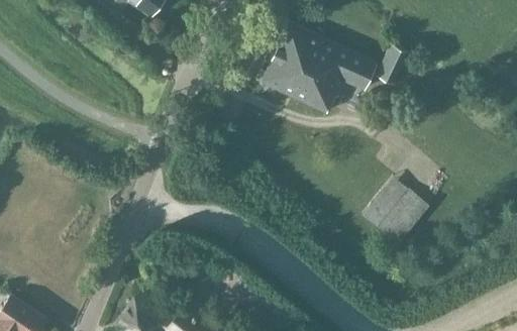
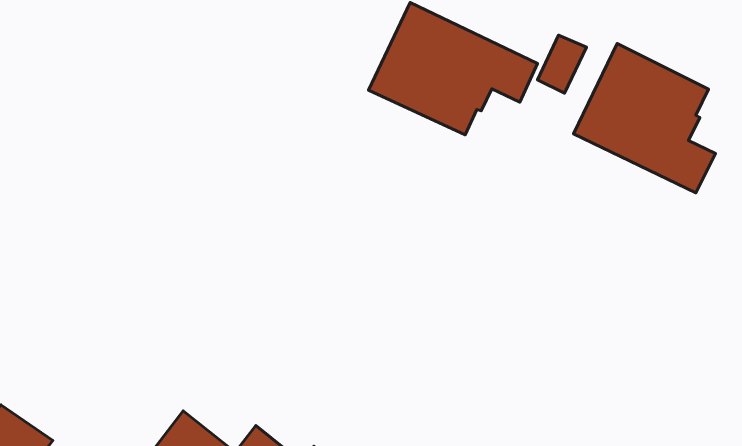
building: none -> [574,44,715,193]
building: [359,176,427,244] -> none

